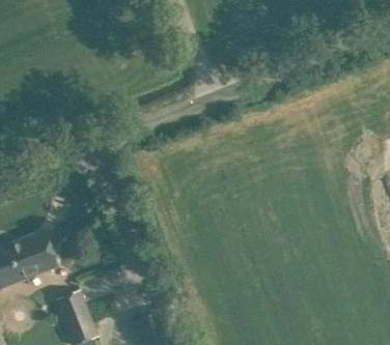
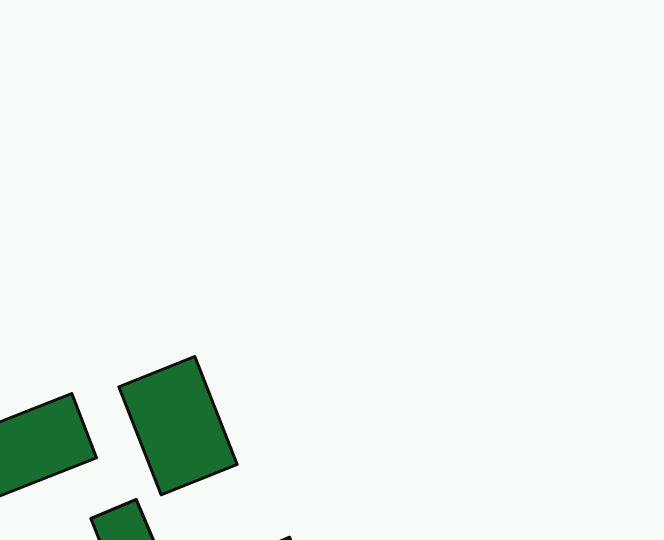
building: none -> [119,356,237,495]

